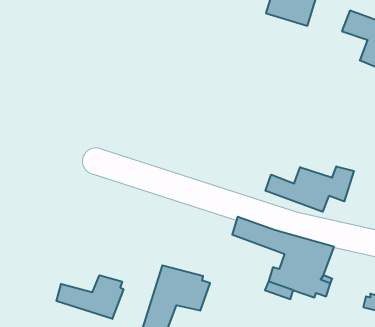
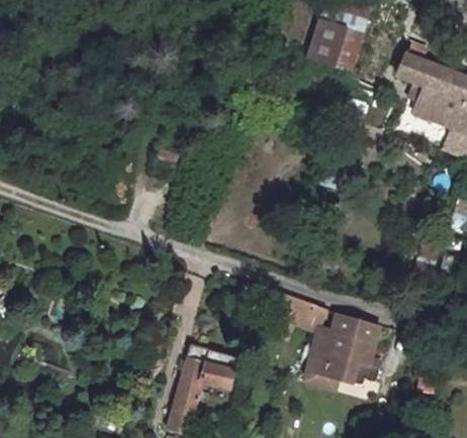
building: [266,166,354,212] -> none
building: [56,275,123,319] -> none

